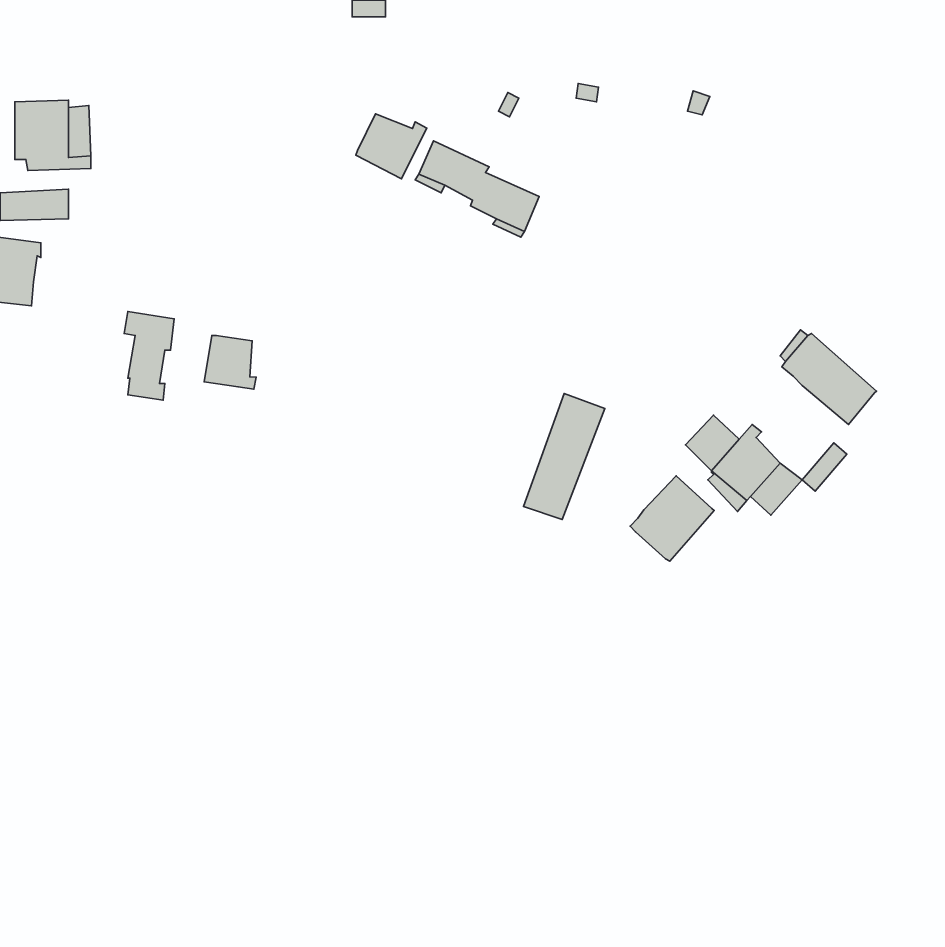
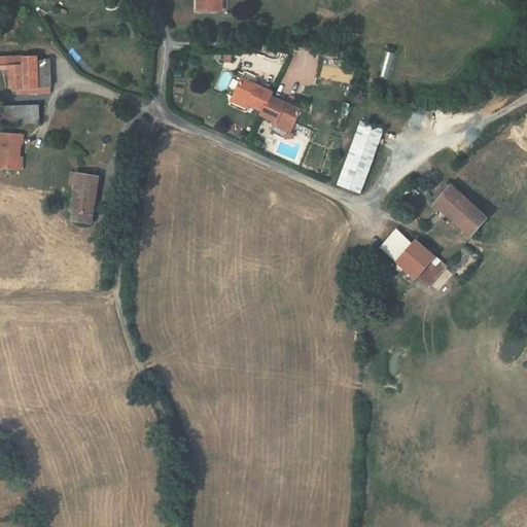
building: [356,114,427,179] -> none
building: [204,335,256,389] -> none
building: [523,394,605,520] -> [338,121,383,191]
building: [630,476,714,561] -> none

